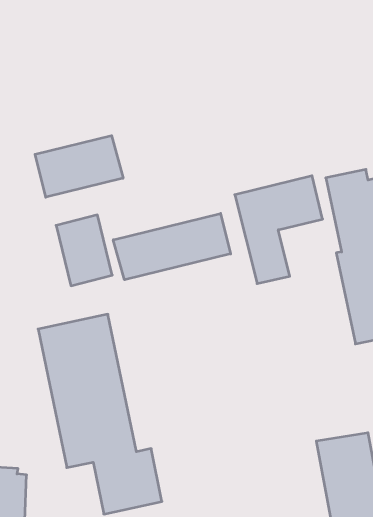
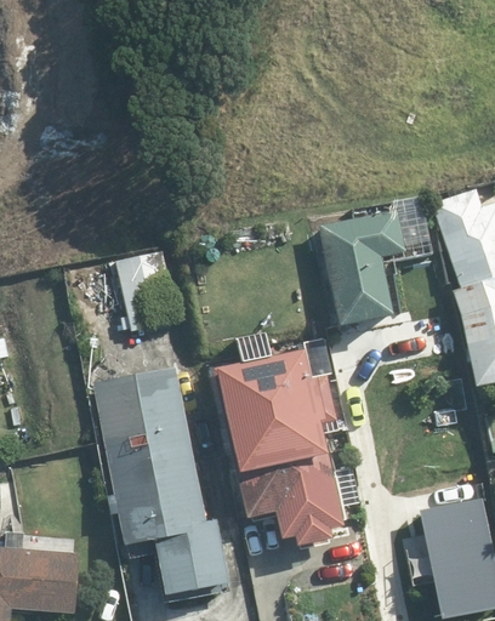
building: [35,136,123,197] -> none
building: [113,213,231,280] -> none
building: none -> [220,332,352,547]

